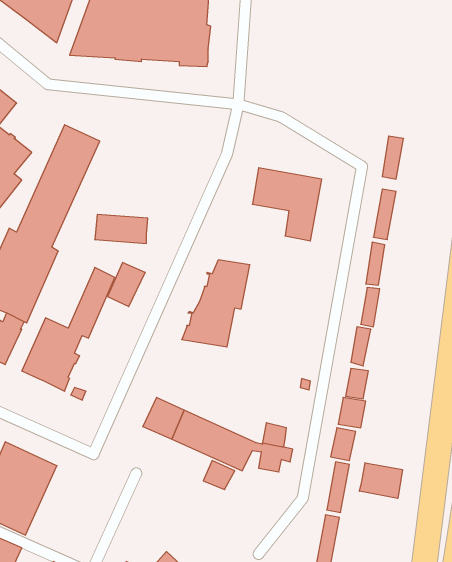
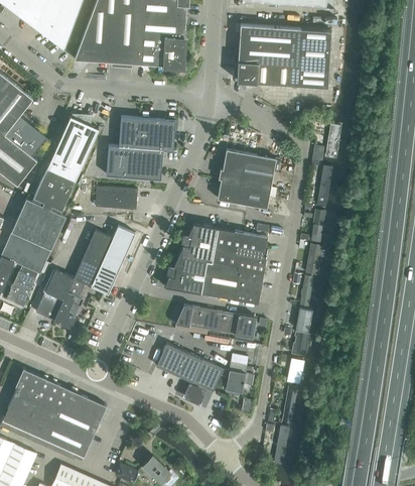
building: none -> [235,25,331,88]
building: none -> [106,117,175,179]
building: none -> [218,179,250,205]
building: none -> [200,228,268,303]
building: none -> [90,253,122,294]
building: none -> [169,305,255,338]
building: [359,463,402,498] -> none
building: none -> [39,388,106,461]

